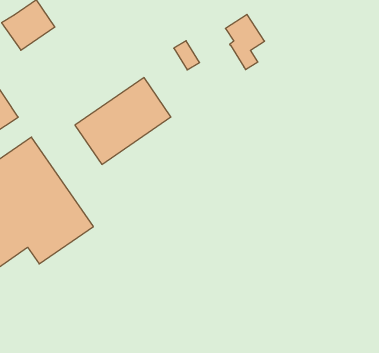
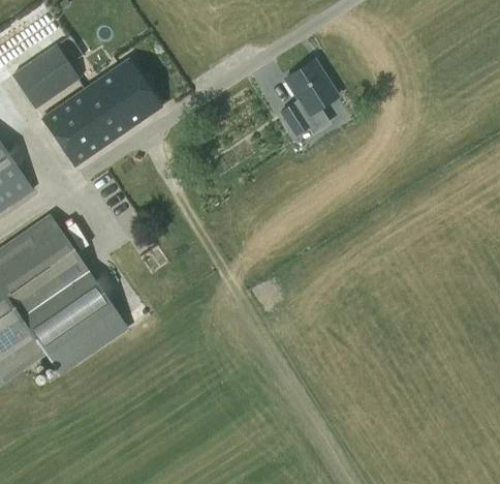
building: [174,41,200,70] -> [279,101,311,138]
building: [75,78,171,164] -> [41,58,160,165]

